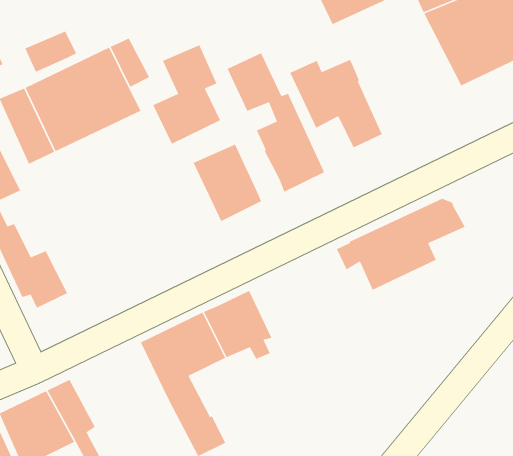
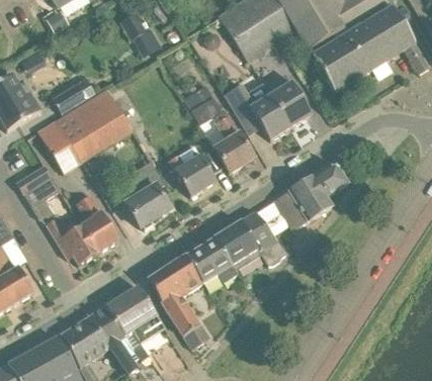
building: [152,44,221,145] -> [124,160,170,226]
building: none -> [265,74,311,127]
building: none -> [76,195,118,252]
building: none -> [213,204,286,266]
building: none -> [104,285,164,342]

